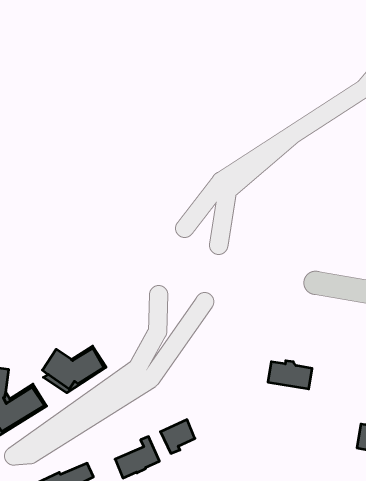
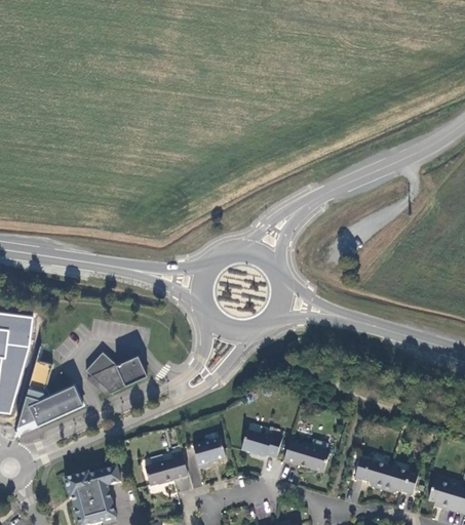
building: [268,361,312,389] -> [284,440,330,472]
building: none -> [242,429,282,457]
building: none -> [355,456,390,488]

